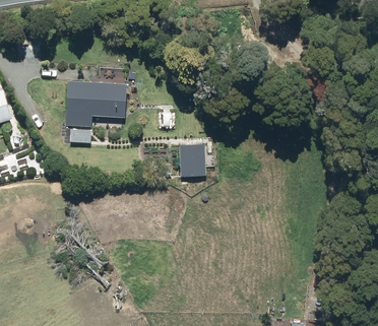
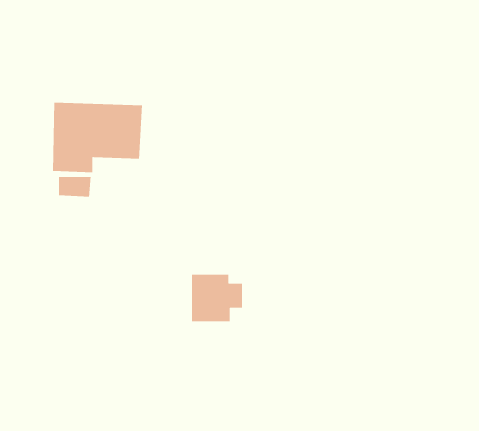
building: [178,143,212,176] -> [191,274,243,322]

